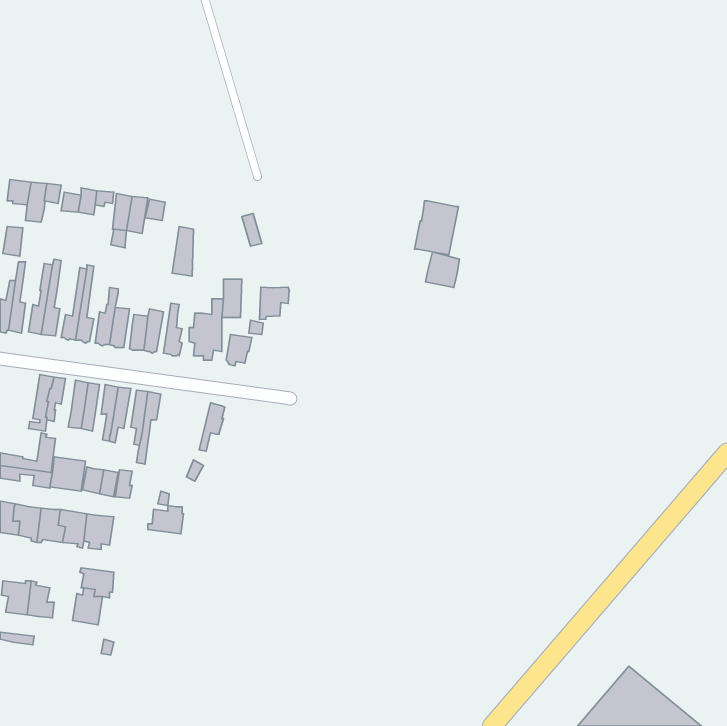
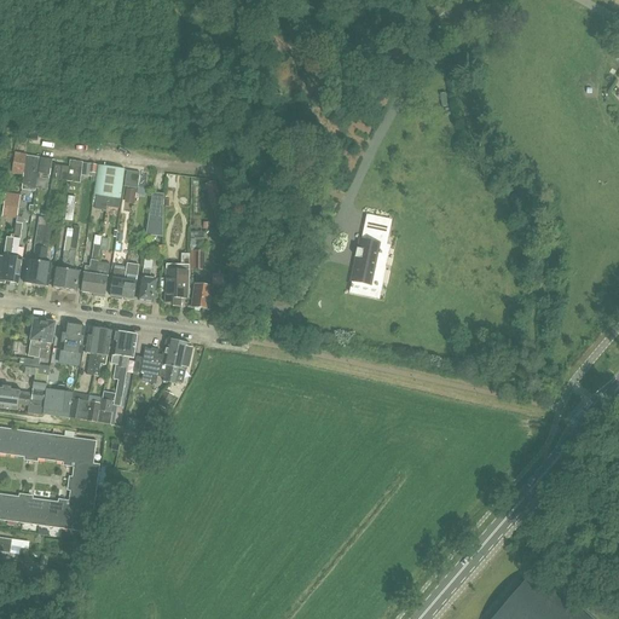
building: [415,201,459,255] -> [351,239,388,285]
building: [260,287,289,320] -> none
building: none -> [139,340,179,382]
building: [148,505,184,534] -> [69,462,99,486]
building: none -> [40,498,66,527]

